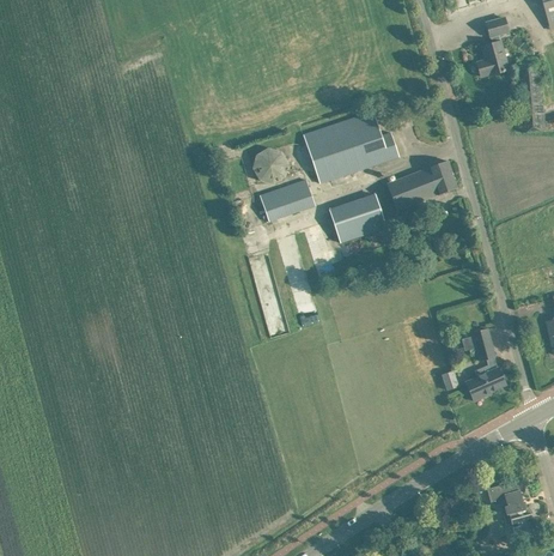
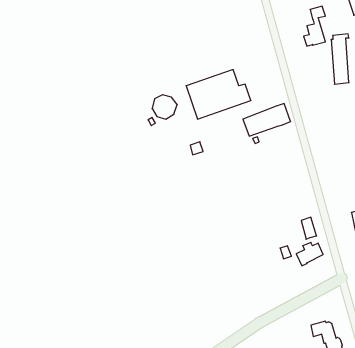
building: [260,179,315,220] -> none
building: [329,194,386,242] -> none

